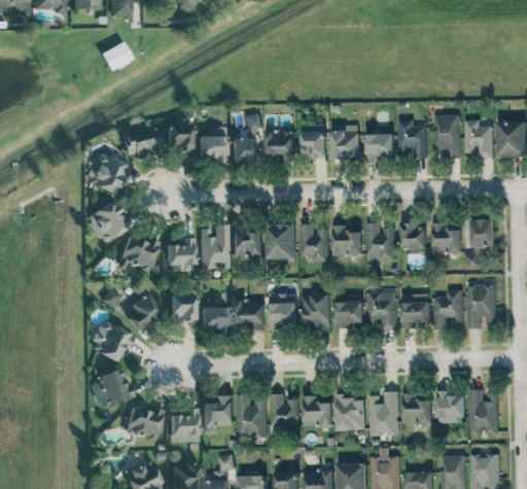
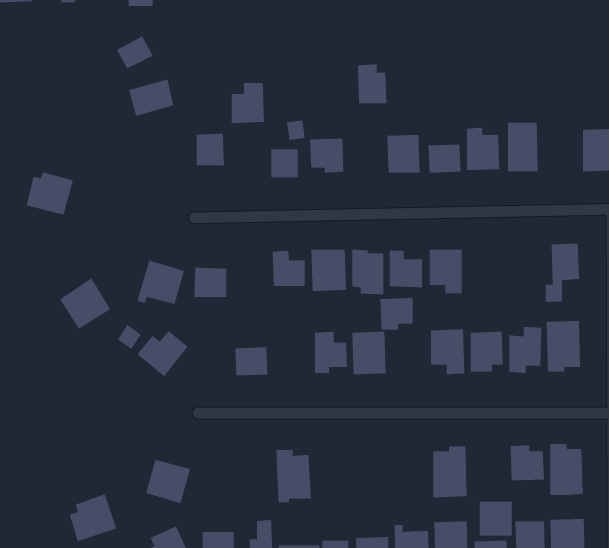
building: [464,119,493,159] -> none
building: [301,124,326,158] -> [357,64,387,104]
building: [121,127,161,159] -> [128,79,174,116]
building: [199,127,227,162] -> [231,82,265,124]
building: [85,155,127,193] -> [26,172,74,215]
building: [85,200,130,244] -> [59,278,111,330]
building: [400,222,426,249] -> none
building: [431,222,461,253] -> none
building: [200,224,230,268] -> none
building: [170,294,196,321] -> none
building: [234,299,264,329] -> none
building: [335,301,363,328] -> [380,298,413,330]
building: [90,320,131,362] -> none
building: [90,368,131,409] -> [69,494,117,542]
building: [270,393,298,429] -> none
building: [336,394,365,430] -> none
building: [402,394,431,424] -> [479,501,513,536]
building: [203,395,233,434] -> none
building: [303,395,331,426] -> none
building: [170,409,199,443] -> none

